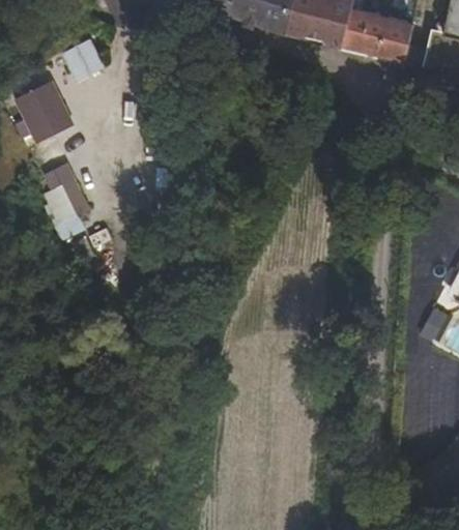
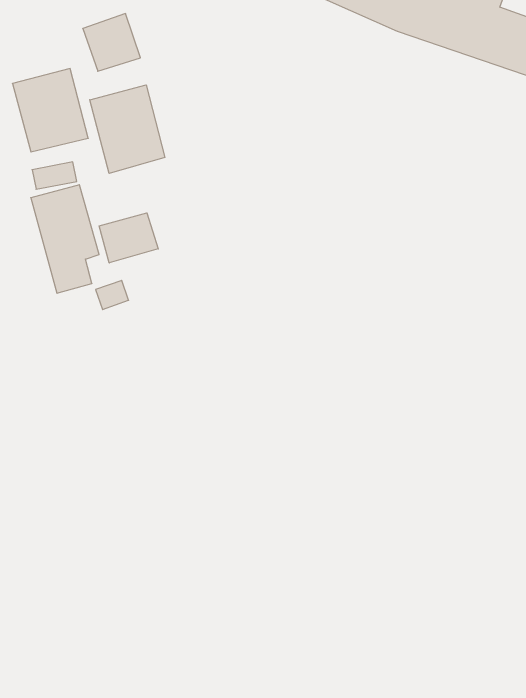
building: none -> [90,85,165,173]
building: none -> [99,213,158,263]

